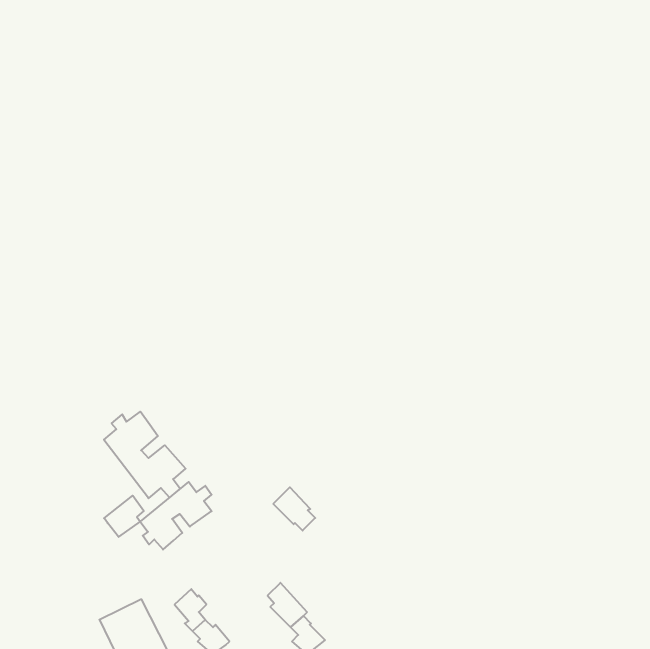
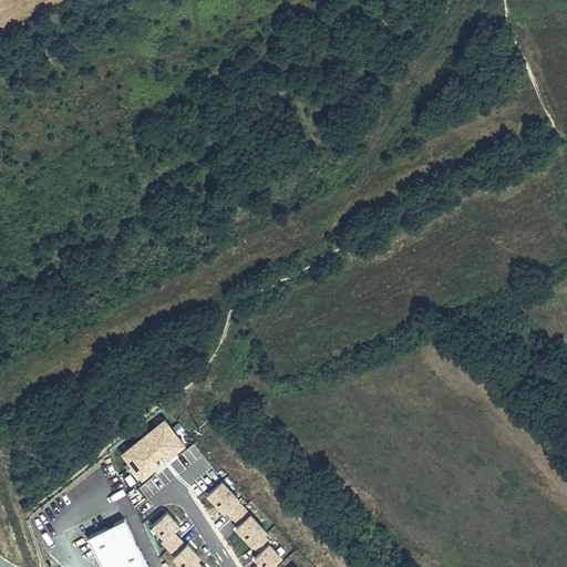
building: [104,412,186,498] -> none
building: [273,487,315,531] -> [207,482,244,519]
building: [104,496,144,537] -> none

